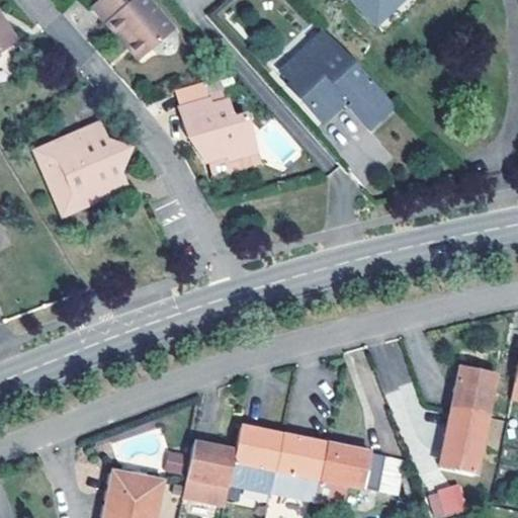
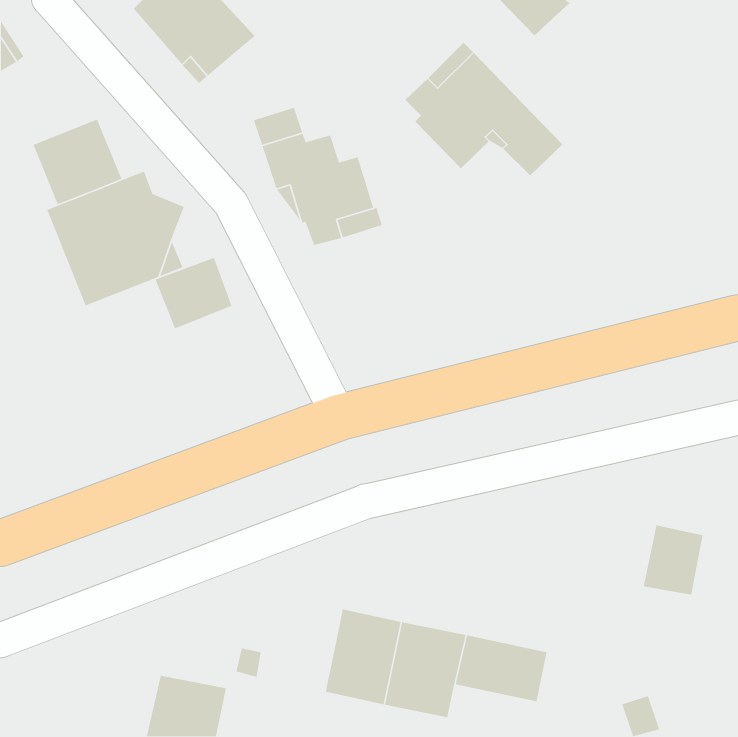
building: none -> [32,118,122,205]
building: none -> [154,257,233,329]
building: [439,411,485,471] -> none
building: [180,442,235,507] -> none

